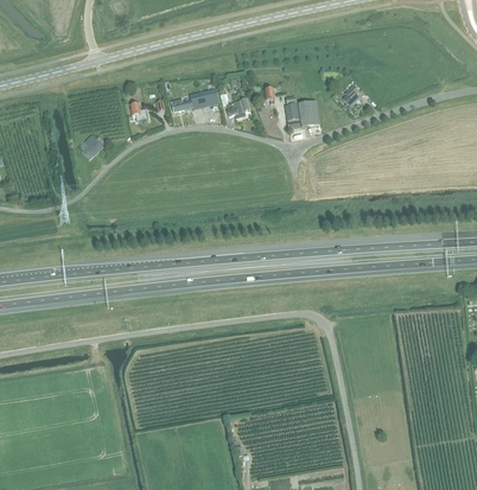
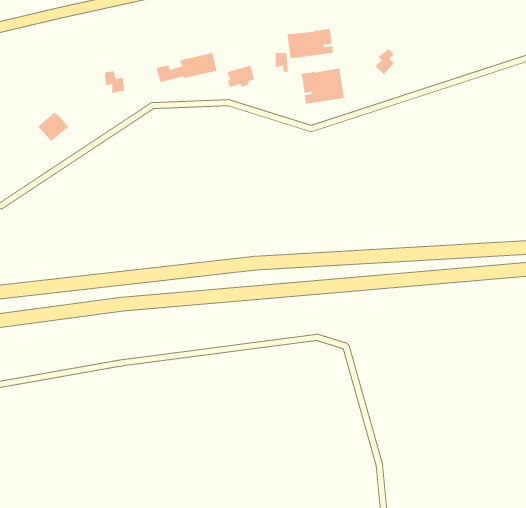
building: none -> [287,28,334,59]

